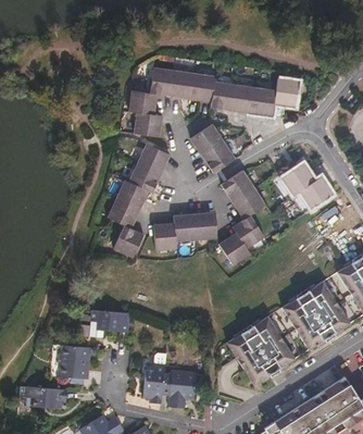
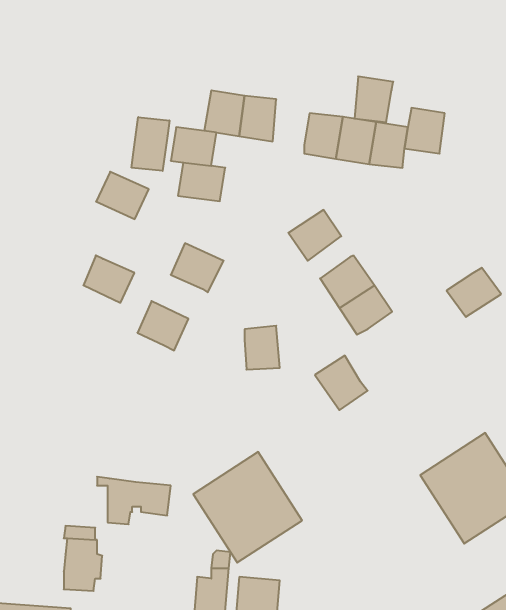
building: [192,73,216,101] -> [355,76,393,122]
building: none -> [132,117,169,171]
building: [191,124,224,156] -> none
building: [138,144,171,173] -> [96,172,149,219]
building: [283,163,316,195] -> none
building: [117,179,149,209] -> [83,255,134,303]
building: [195,212,217,239] -> none
building: [234,215,265,248] -> none
building: [154,222,177,250] -> none
building: [114,225,143,258] -> none
building: [229,314,297,383] -> [193,452,302,563]

